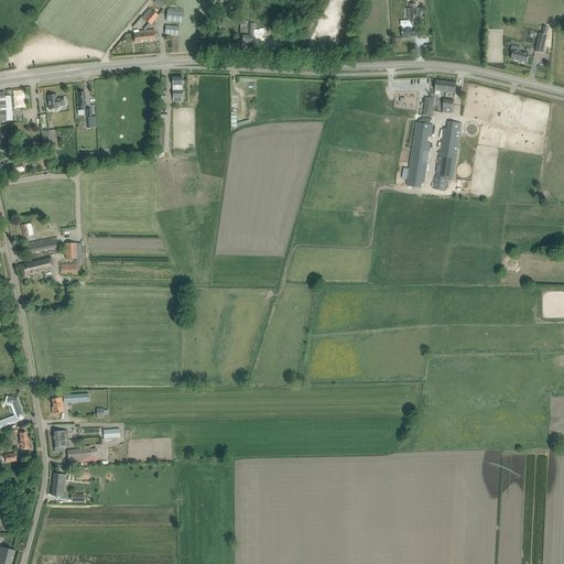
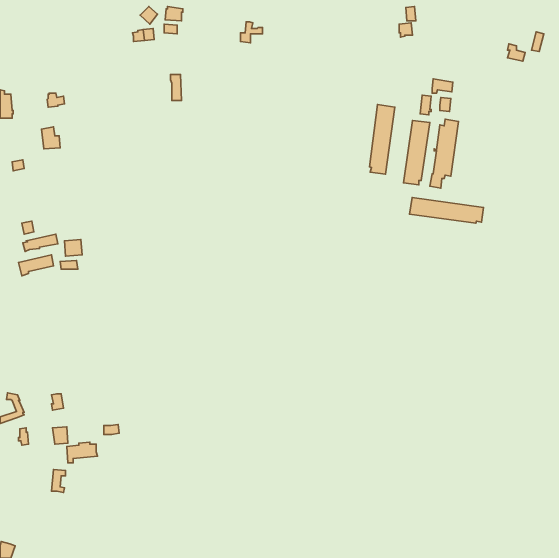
building: none -> [369,105,395,174]
building: none -> [410,198,483,223]

